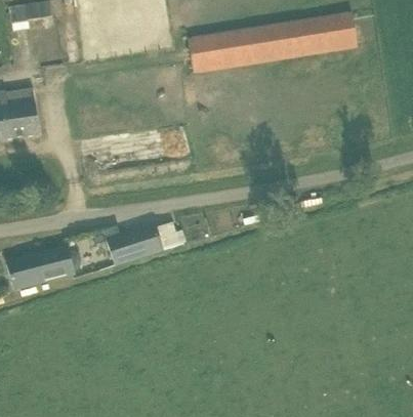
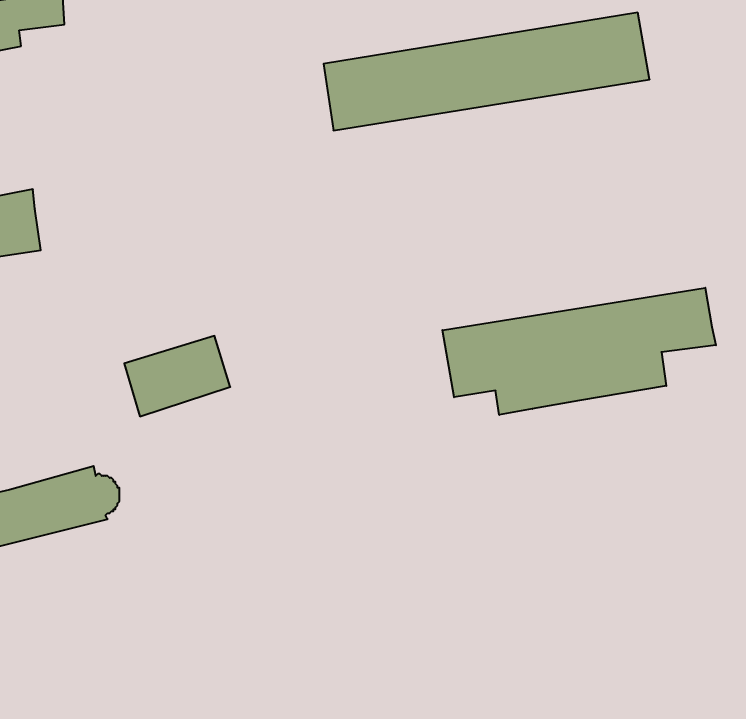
building: none -> [442,288,716,415]
building: [108,225,163,267] -> [124,336,230,416]

